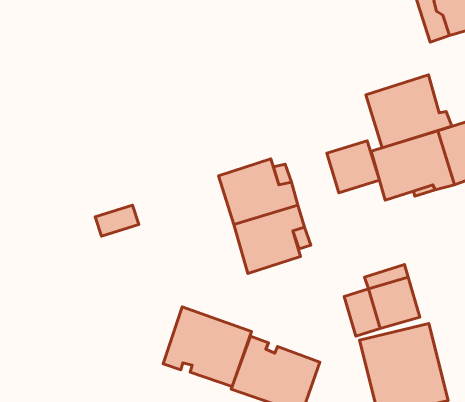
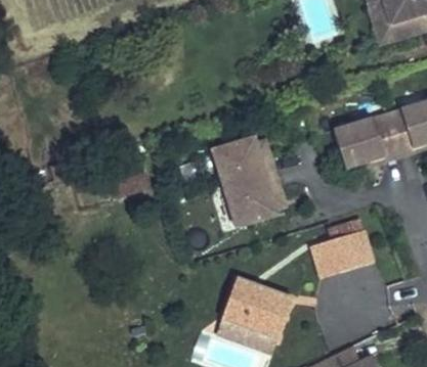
building: [366,75,452,148] -> none
building: [327,141,379,193] -> none
building: [163,307,251,386] -> none

